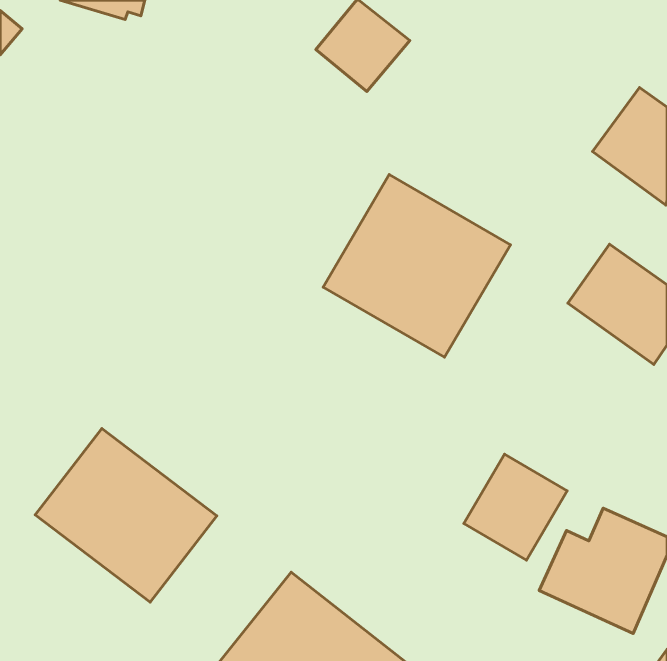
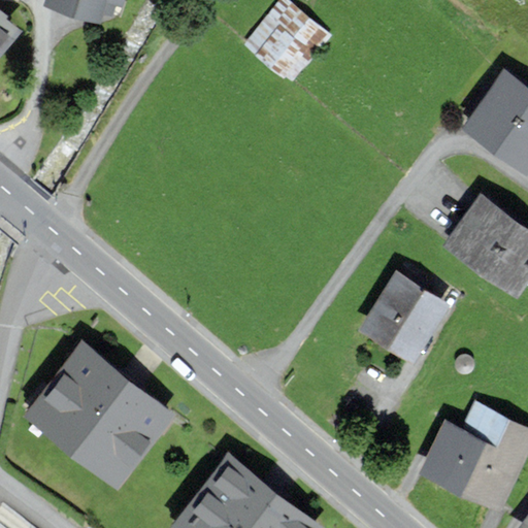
building: [323,175,510,357] -> none
building: [464,454,567,560] -> [365,275,447,359]

